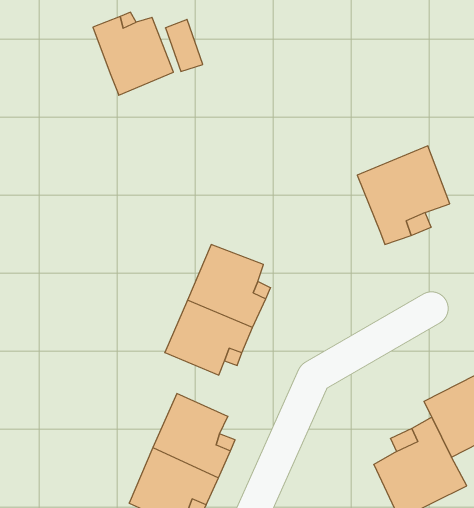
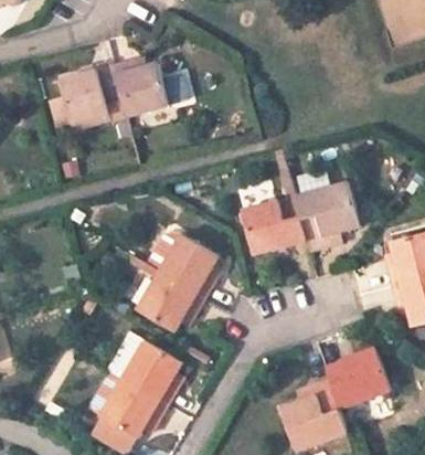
building: none -> [57,65,120,125]
building: none -> [238,195,305,254]

